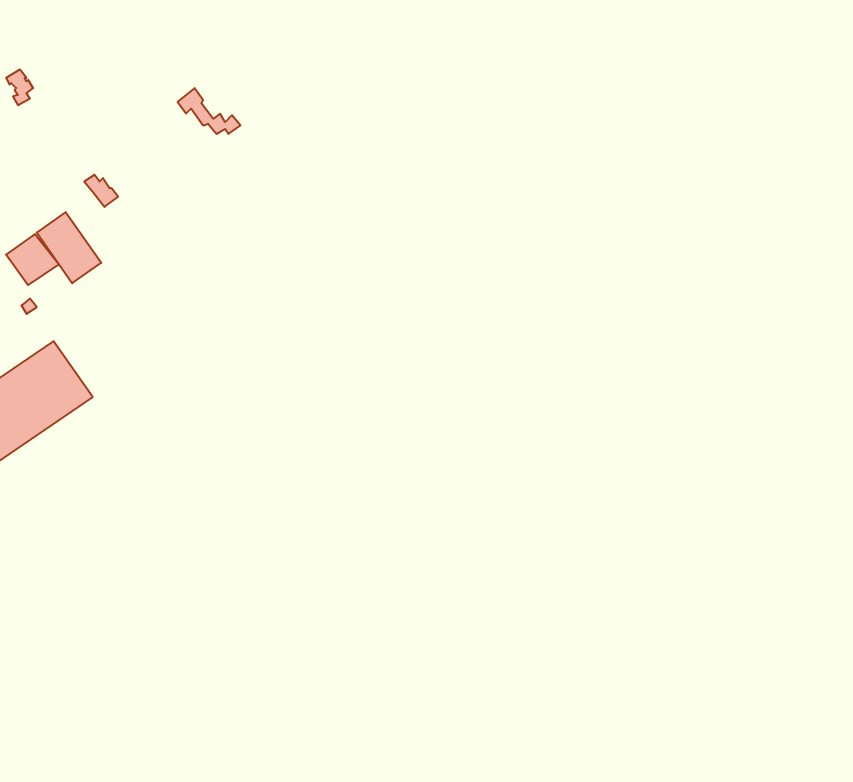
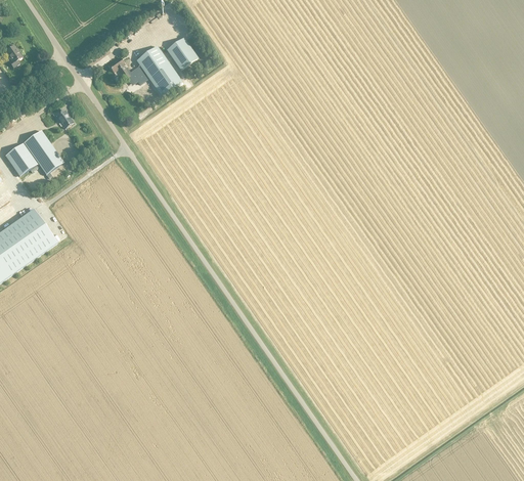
building: none -> [167,37,196,68]
building: none -> [136,45,182,95]

